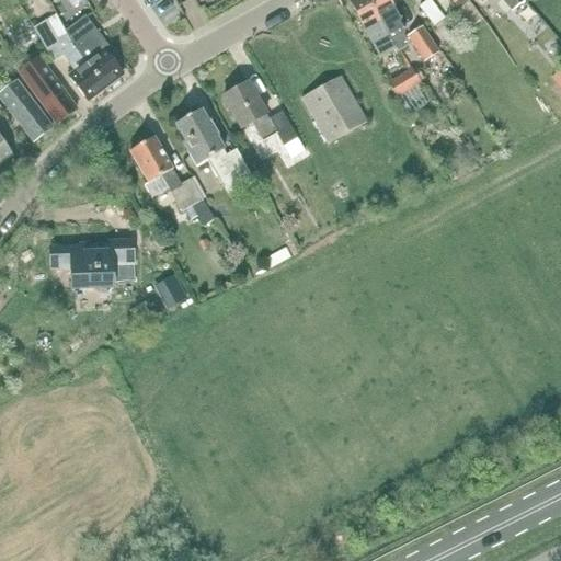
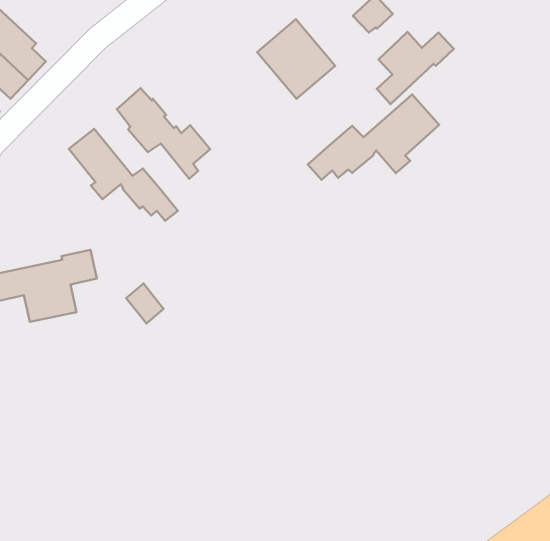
building: [224,81,296,144] -> none
building: none -> [377,32,454,104]
building: none -> [308,94,439,180]

